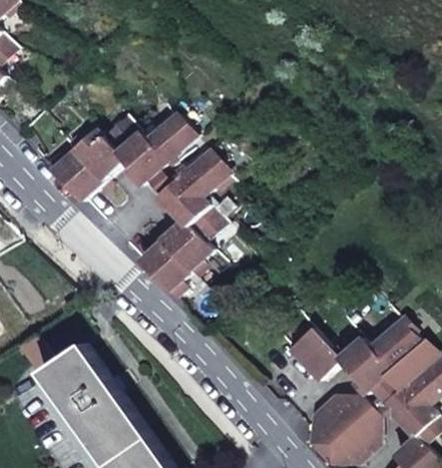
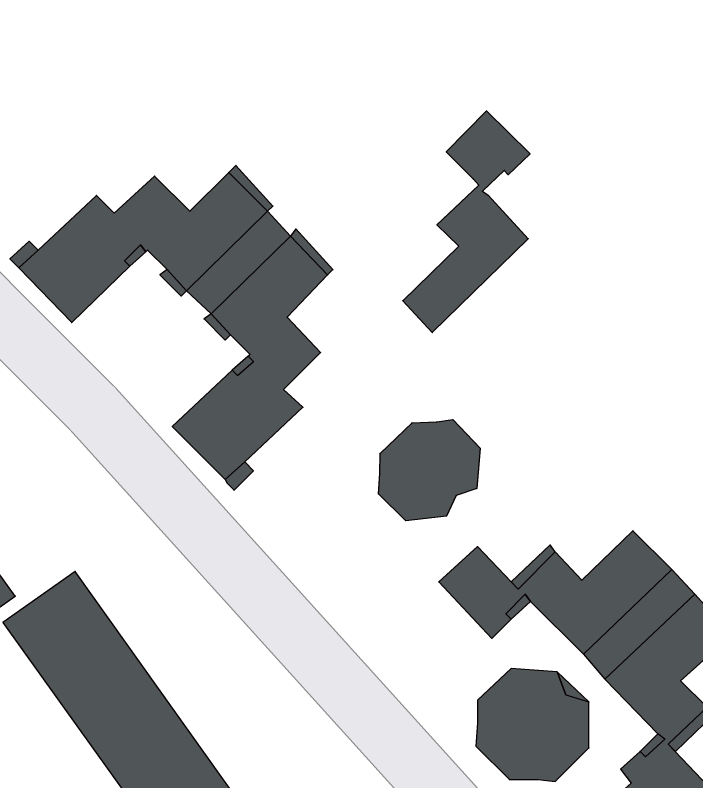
building: none -> [403,111,530,333]
building: none -> [378,420,480,521]

